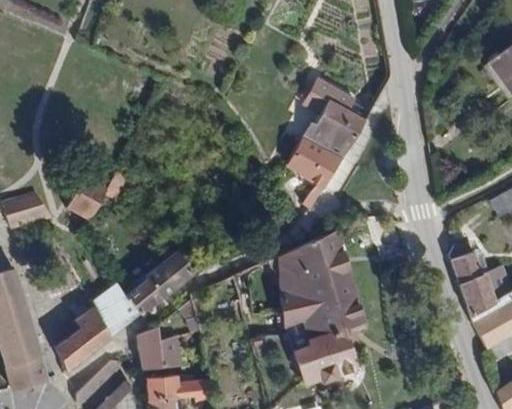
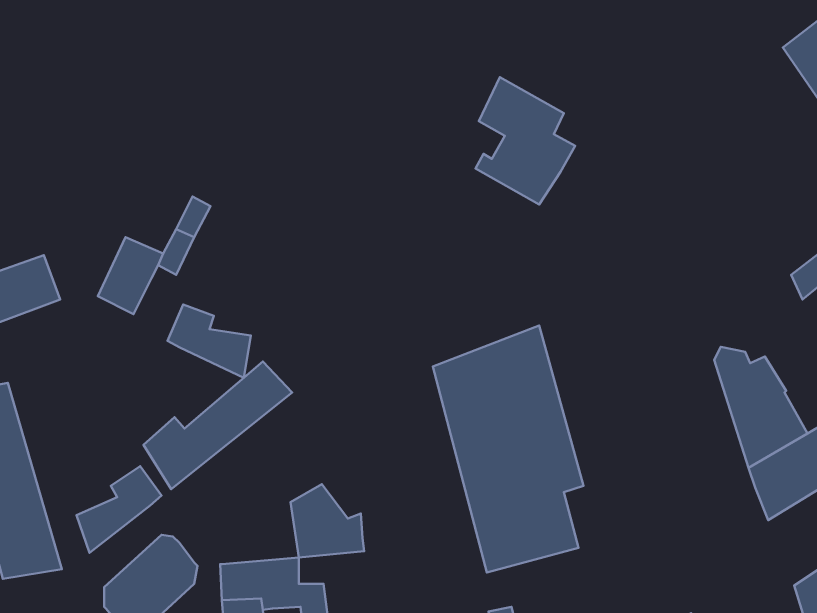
building: [284,136,341,209] -> none
building: none -> [168,304,251,378]
building: [135,323,180,368] -> [291,484,364,558]

